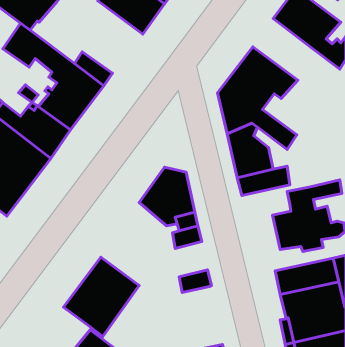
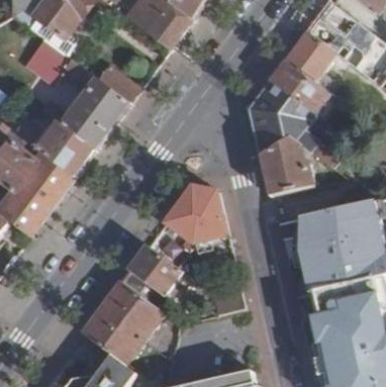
building: none -> [284,31,345,95]
building: none -> [127,243,187,307]

